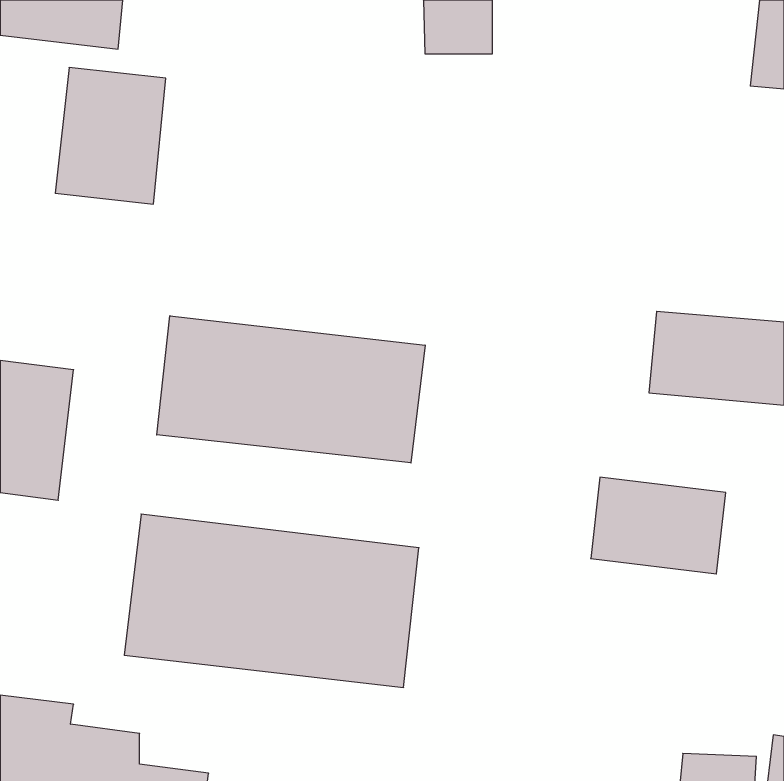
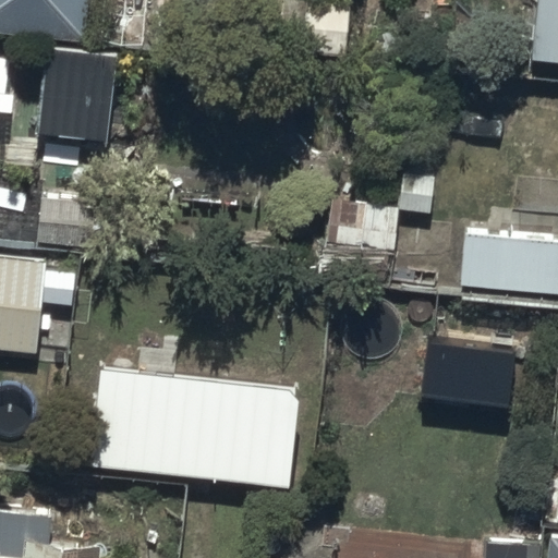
building: [157,316,425,463] -> none

